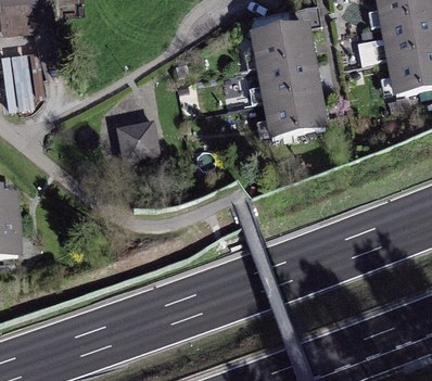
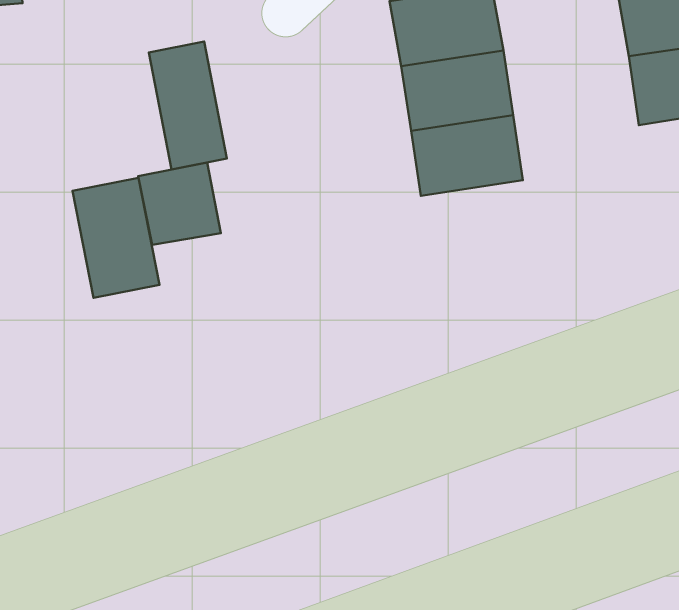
building: none -> [149,41,227,169]
building: none -> [73,178,159,298]

